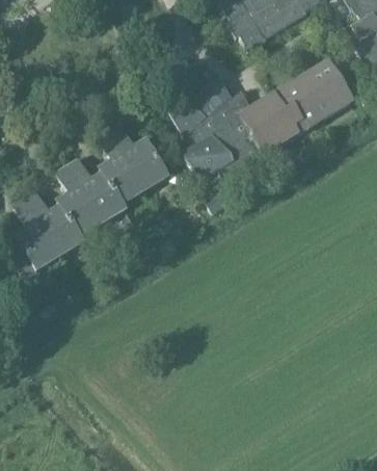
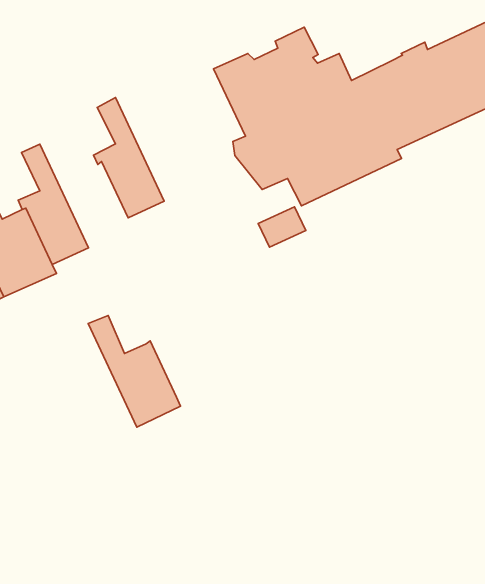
building: [109,124,168,189] -> none
building: [66,157,128,223] -> [88,315,181,427]

